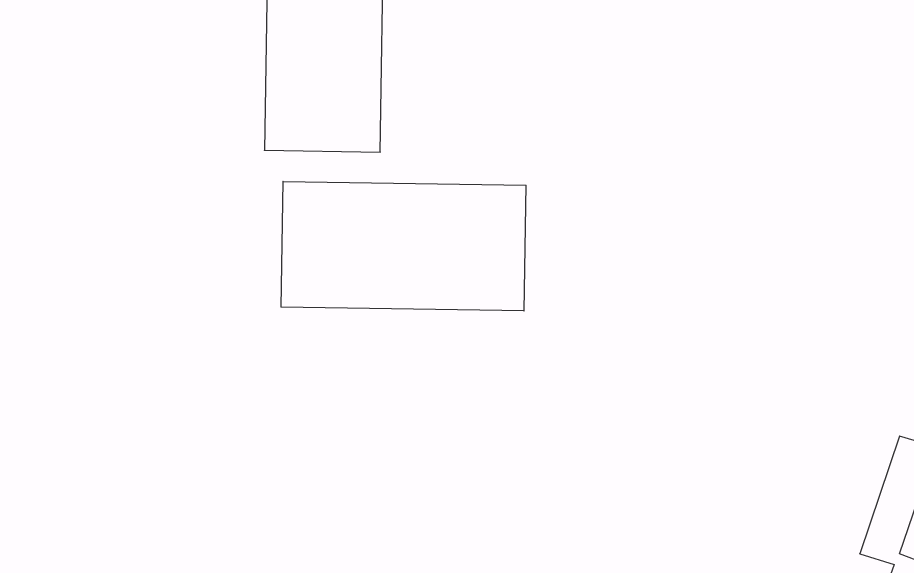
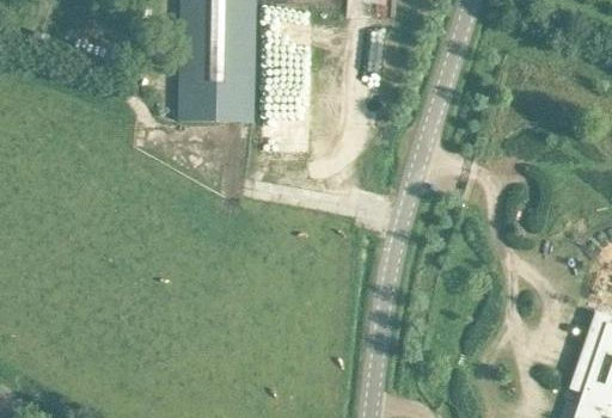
building: [281,181,526,311] -> none

